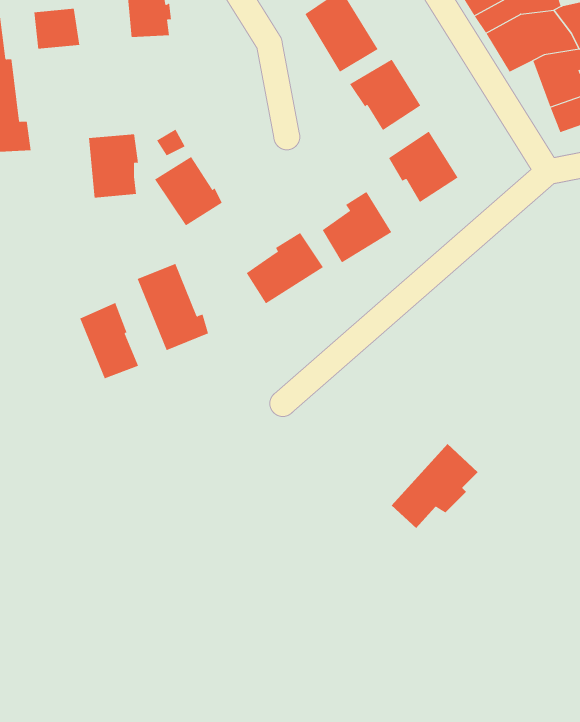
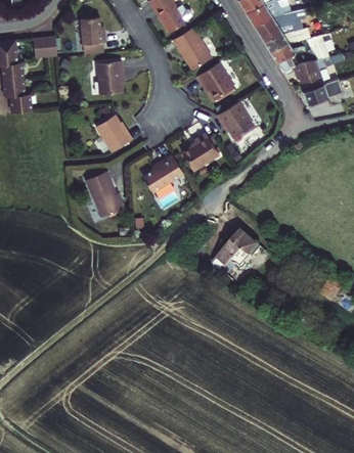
building: [88,134,139,198] -> [96,62,123,96]
building: [80,302,139,379] -> none
building: [391,443,479,529] -> [210,227,256,272]

